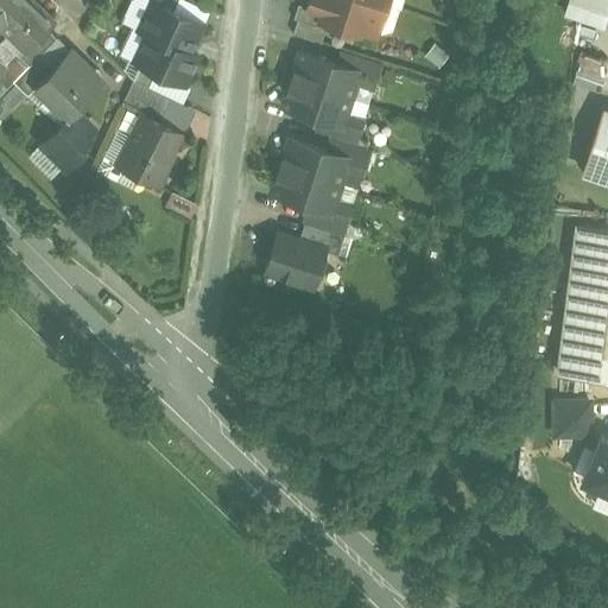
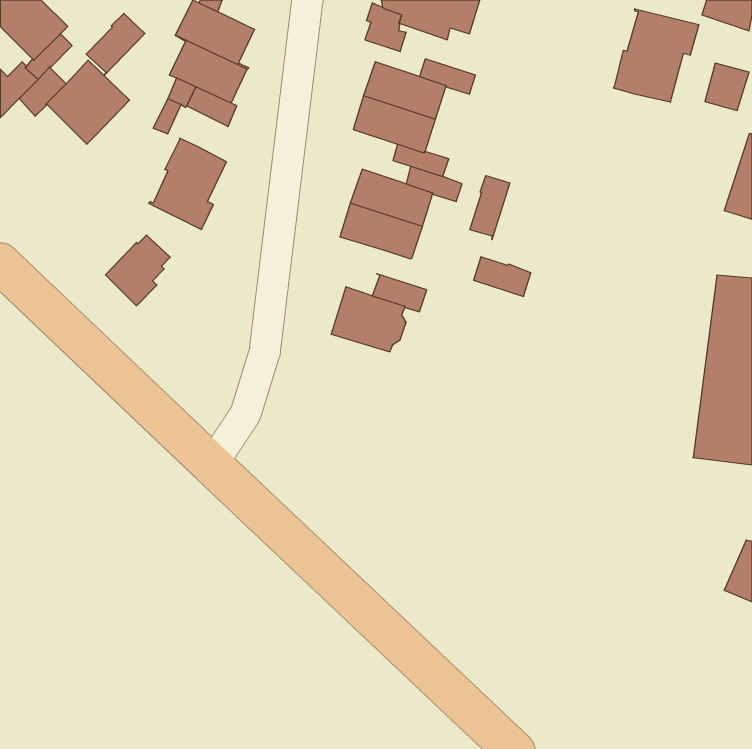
building: none -> [613,9,699,102]
building: none -> [86,13,145,76]
building: [135,87,171,121] -> none
building: [44,112,96,169] -> [105,235,170,306]
building: none -> [470,176,510,240]
building: [304,204,350,236] -> [474,257,531,296]
building: [556,401,591,435] -> none

